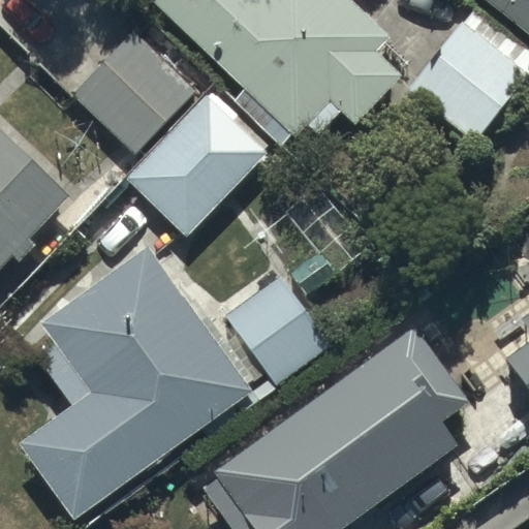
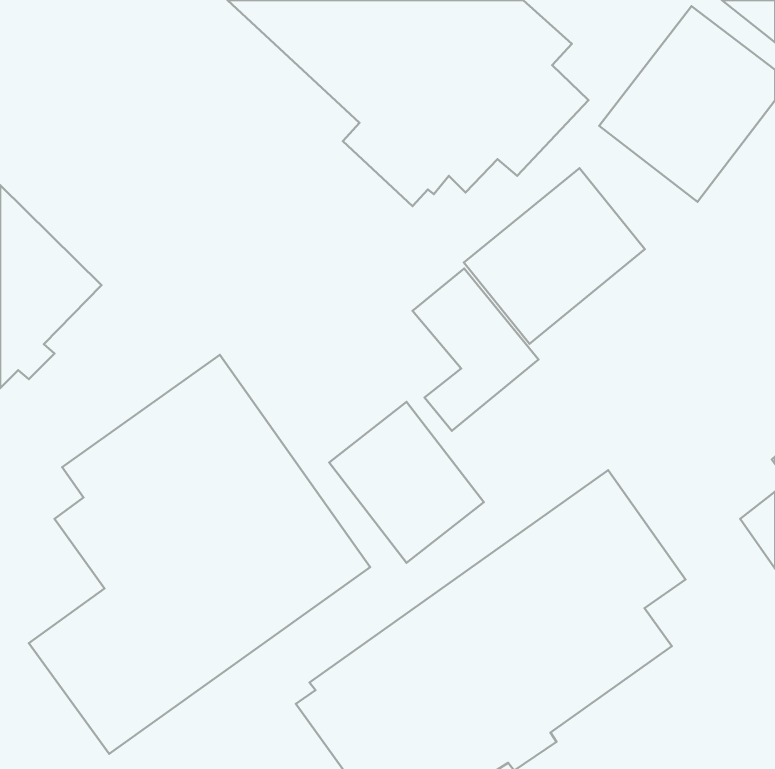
building: [72,31,197,156] -> none
building: [125,90,271,238] -> none
building: none -> [464,168,645,344]

